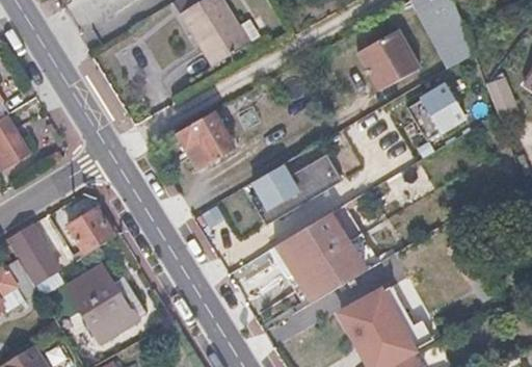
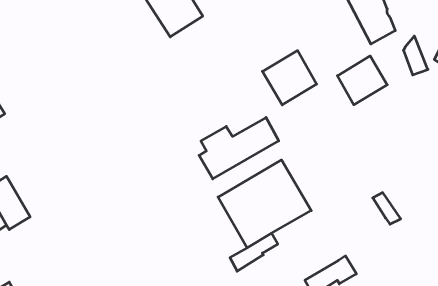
building: [357,26,420,88] -> [262,51,317,105]
building: [176,110,235,168] -> none
building: [65,210,109,254] -> none
building: [65,263,137,341] -> none
building: [338,283,410,343] -> none

